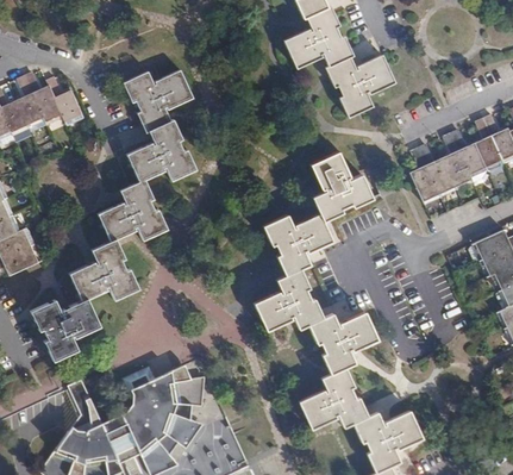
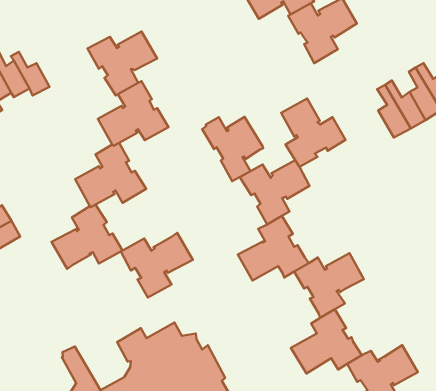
building: none -> [202,117,263,181]
building: [30,296,101,358] -> [121,233,193,297]

